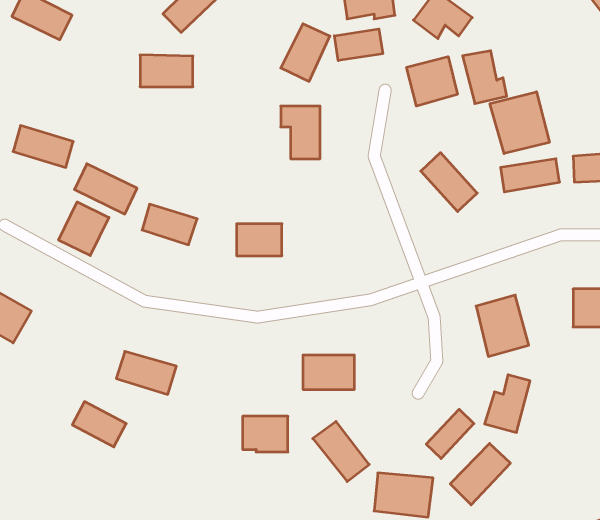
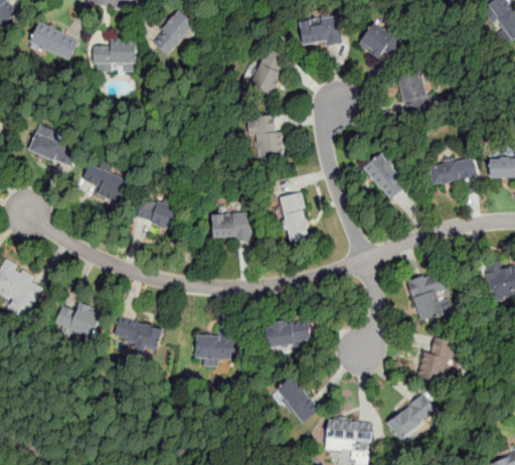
building: [334,29,383,61] -> none
building: [140,55,193,87] -> [93,41,136,67]
building: [407,57,457,106] -> none
building: [490,92,549,154] -> none
building: none -> [280,193,310,243]
building: [59,202,109,256] -> none
building: [72,402,126,447] -> [55,301,100,338]
building: [426,409,474,459] -> none
building: [243,416,288,452] -> [195,332,232,361]

